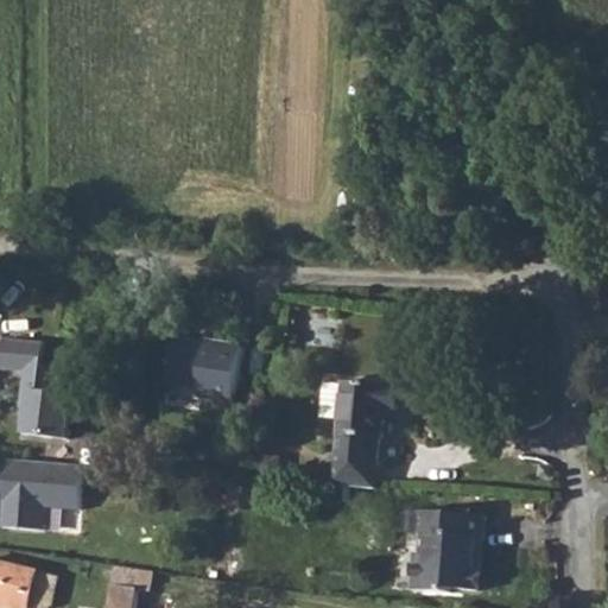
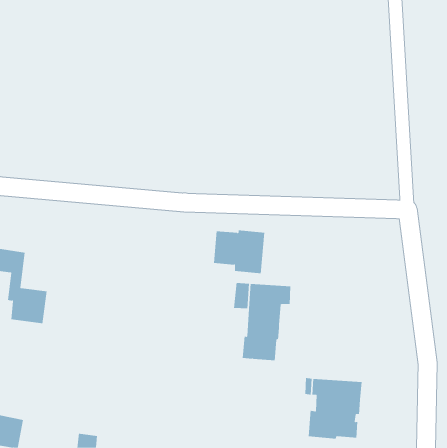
building: [166,340,236,399] -> [213,230,265,274]
building: [5,460,83,531] -> none

